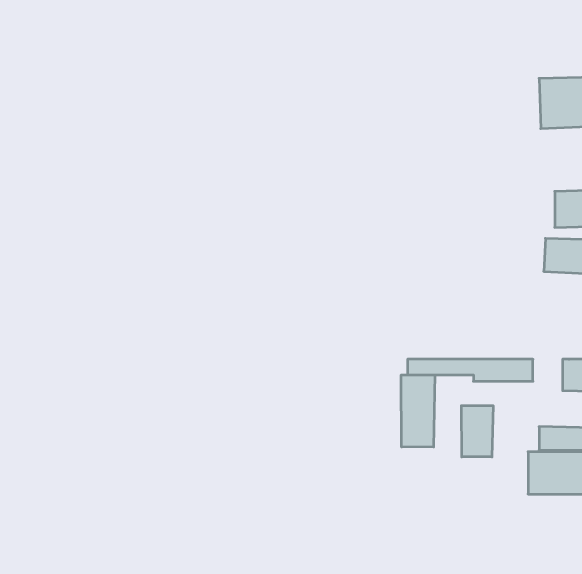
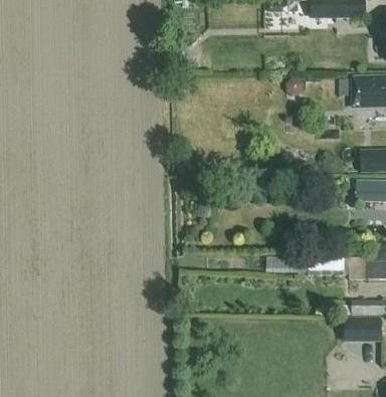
building: [401,375,435,447] -> none
building: [461,406,493,457] -> none

